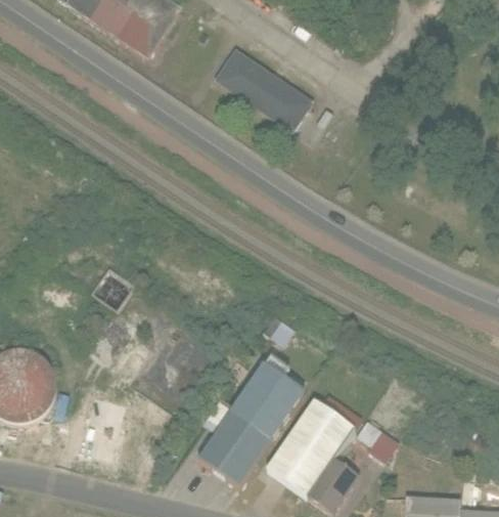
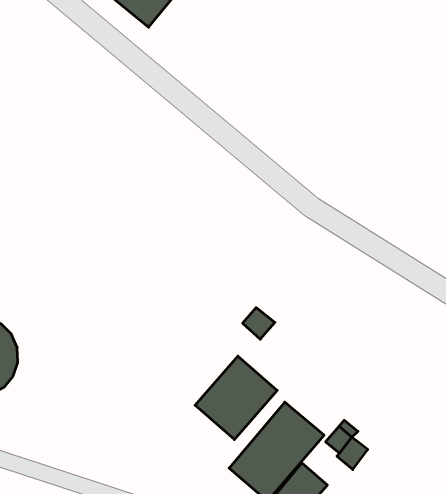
building: [208,46,305,128] -> none
building: [197,412,269,484] -> none

